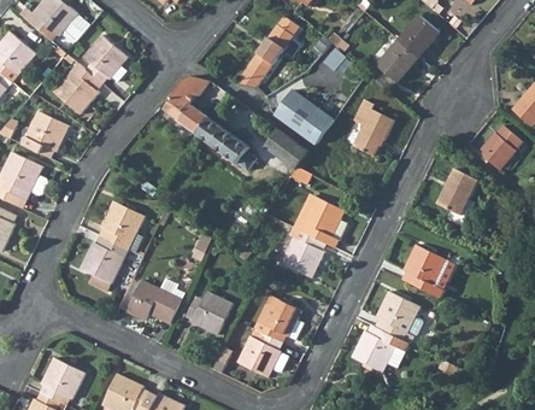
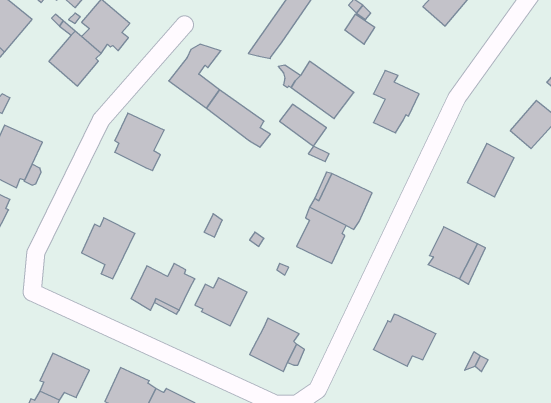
building: [375,40,417,83] -> none
building: [18,109,66,158] -> none
building: [101,199,147,252] -> [115,113,164,171]
building: [374,292,422,342] -> none
building: [253,295,301,342] -> none

